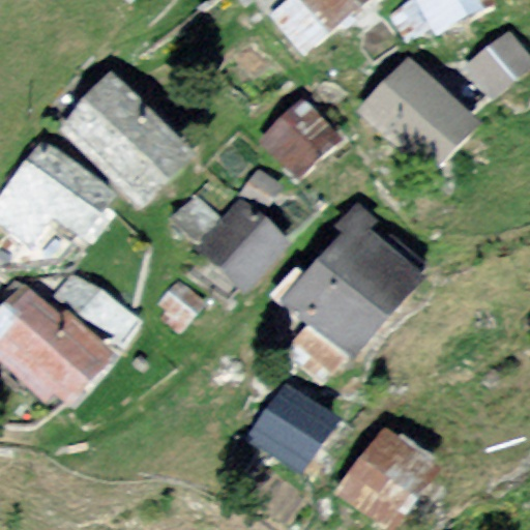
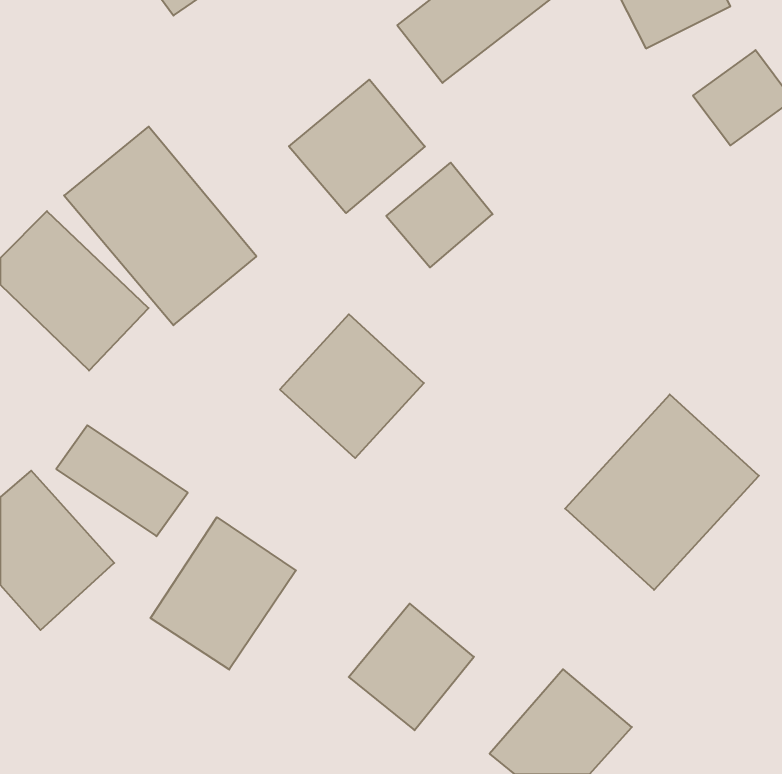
building: none -> [289,80,425,213]
building: [360,62,475,176] -> none
building: [283,236,411,365] -> [565,394,759,590]
building: none -> [151,517,296,670]

